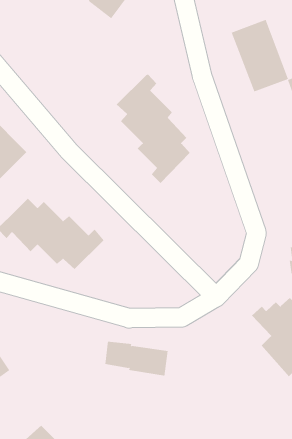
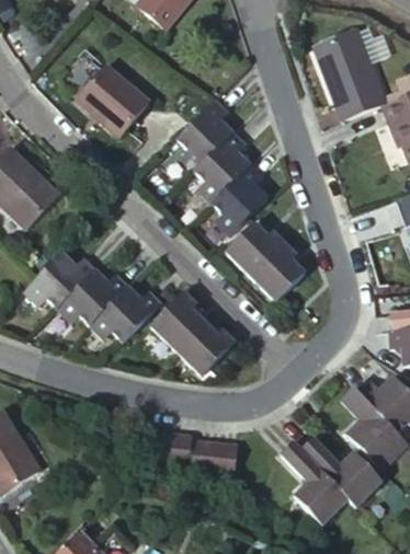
building: none -> [77,65,149,137]
building: none -> [224,220,304,300]
building: none -> [147,290,232,373]
building: none -> [280,436,384,521]

